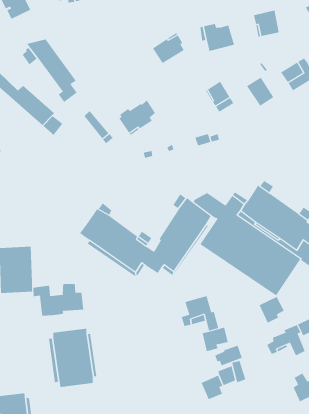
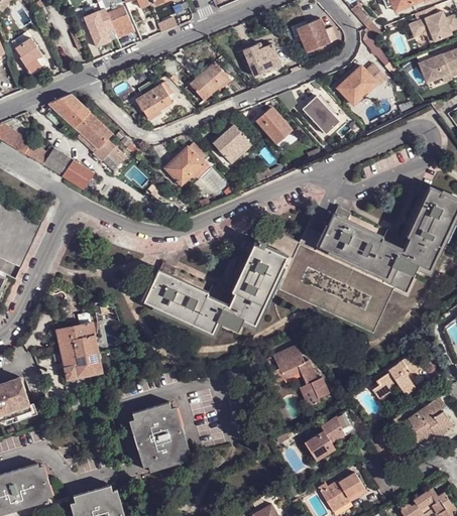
building: none -> [135,82,173,115]
building: none -> [213,123,246,156]
building: [33,283,84,316] -> none
building: [259,296,285,323] -> none
building: [215,345,242,366] -> none

